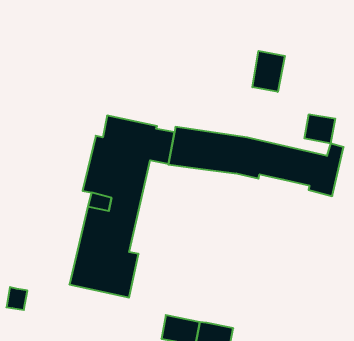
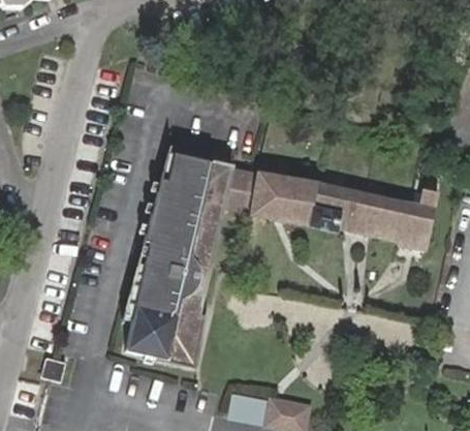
building: [252,51,285,92] -> none
building: [304,114,335,144] -> none

